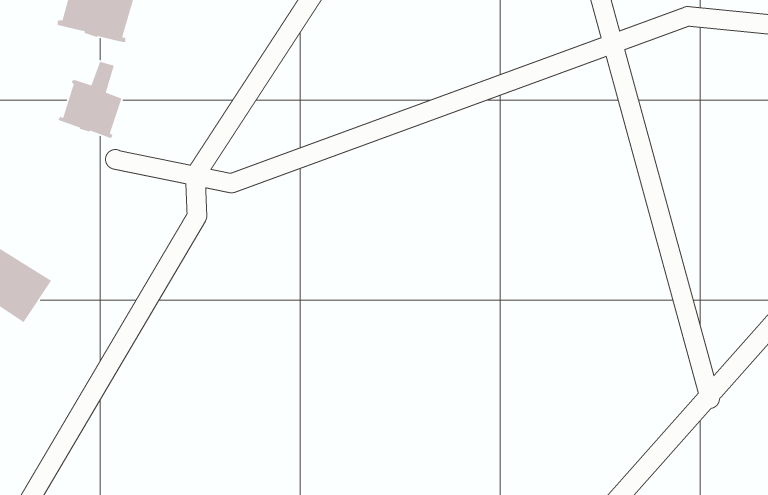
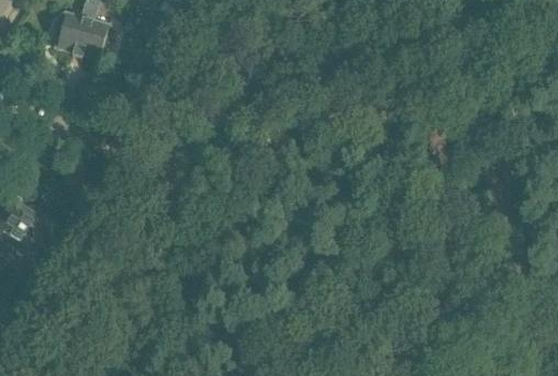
building: [58,61,123,139] -> none

